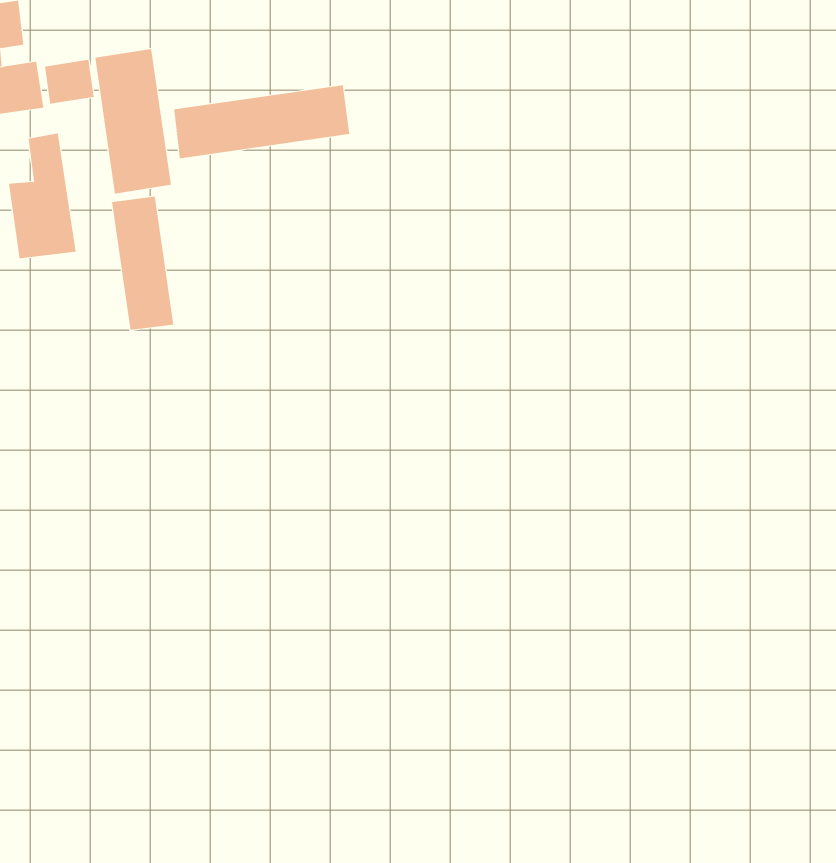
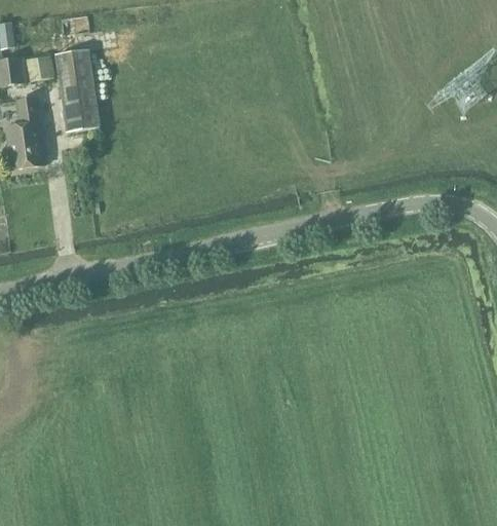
building: [173,84,350,159] -> none
building: [111,196,174,331] -> none

